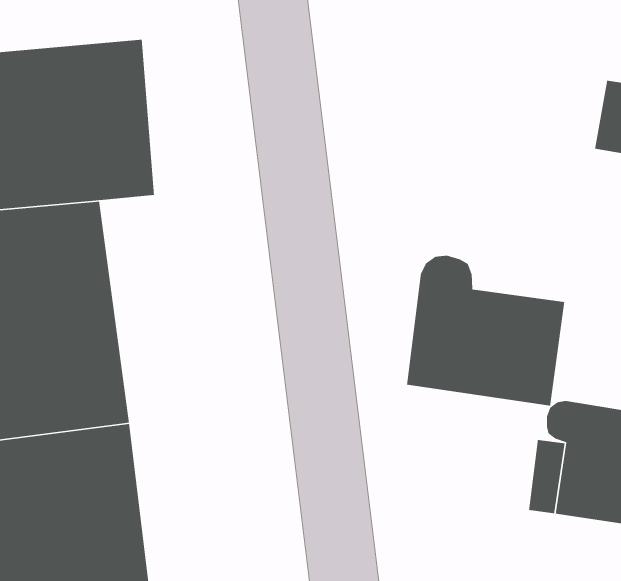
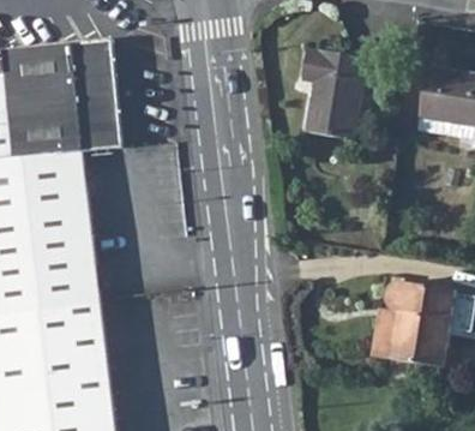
building: none -> [300,52,365,142]
building: [406,255,565,406] -> none

